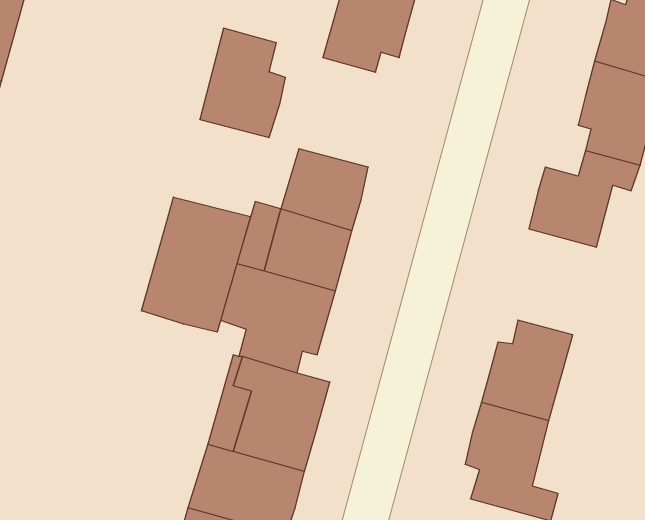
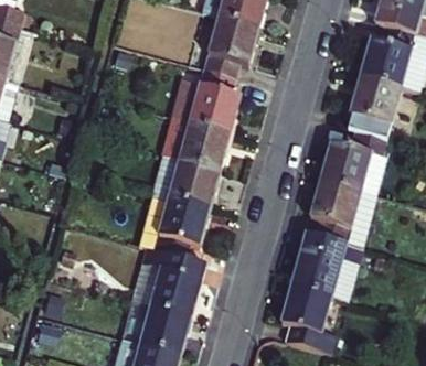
building: [200,28,285,138] -> [185,73,237,139]
building: [141,197,250,332] -> none
building: none -> [313,176,365,240]

